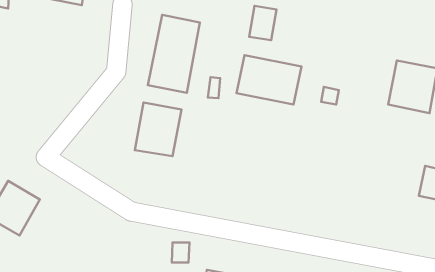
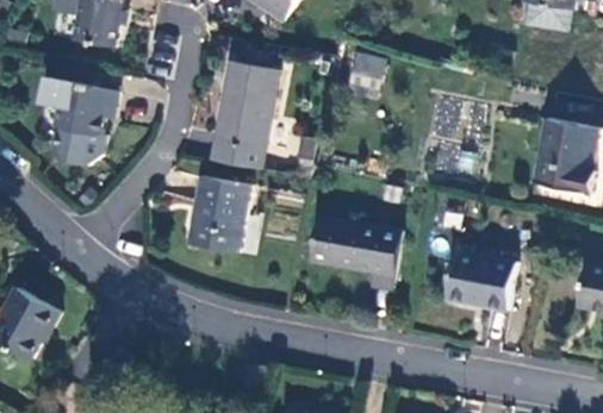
building: none -> [57,80,120,162]
building: [236,55,302,104] -> [310,214,398,281]
building: none -> [450,244,516,308]

